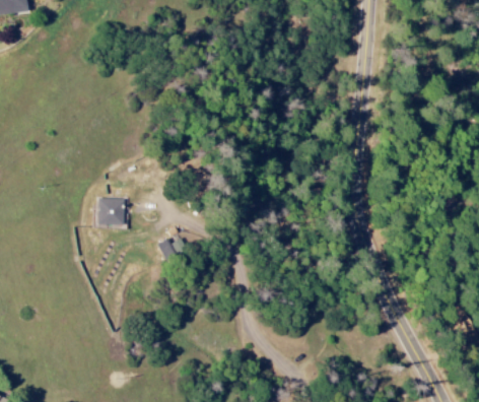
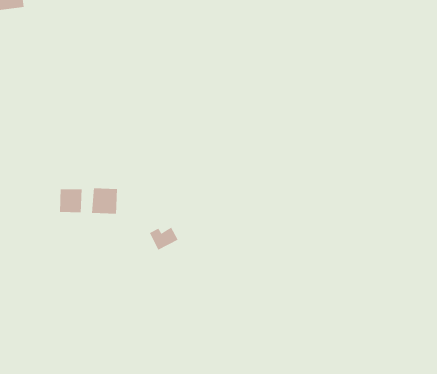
building: none -> [59,188,82,213]

